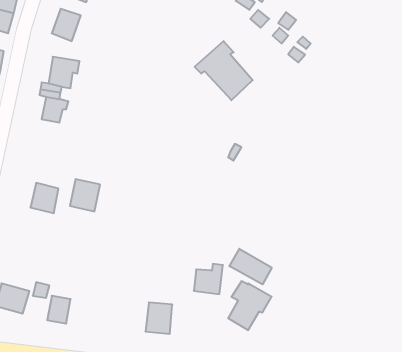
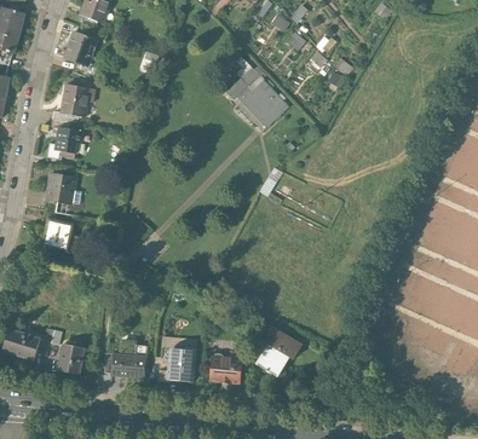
building: [70,179,100,211] -> [44,169,76,204]
building: [229,249,272,284] -> none
building: [194,264,223,294] -> [211,351,242,383]
building: none -> [110,354,146,377]

